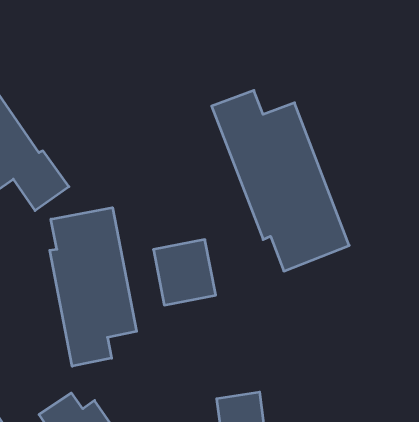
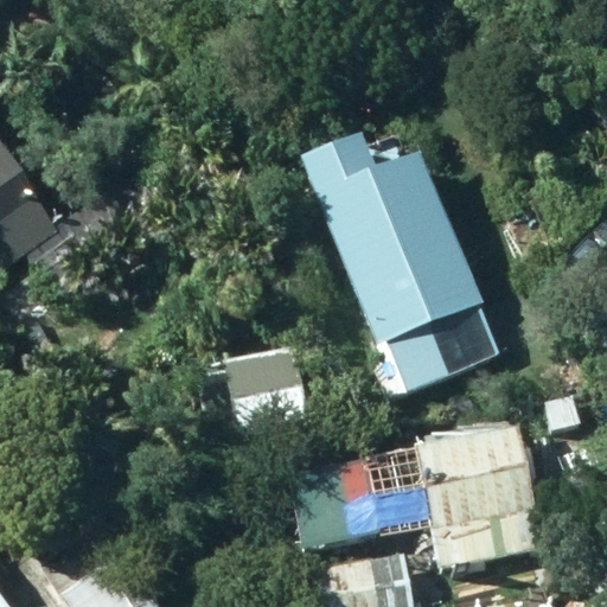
building: [50,208,137,366] -> none
building: none -> [414,424,542,568]

